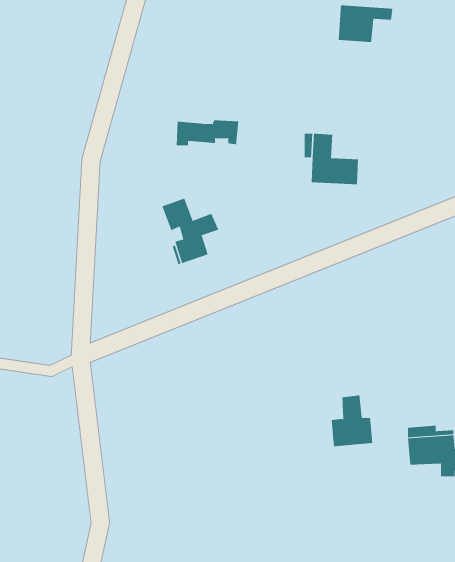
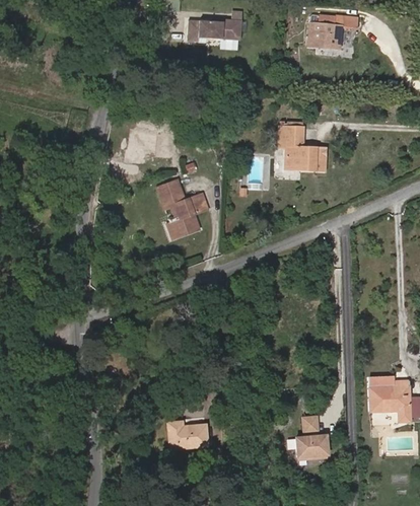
building: [176,120,239,146] -> [187,19,241,42]
building: [331,395,373,447] -> [291,415,328,459]
building: none -> [167,421,207,448]

